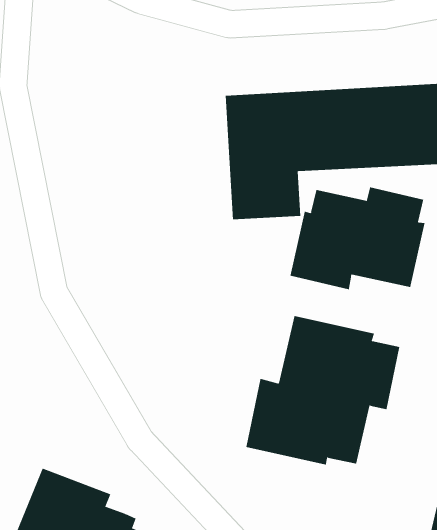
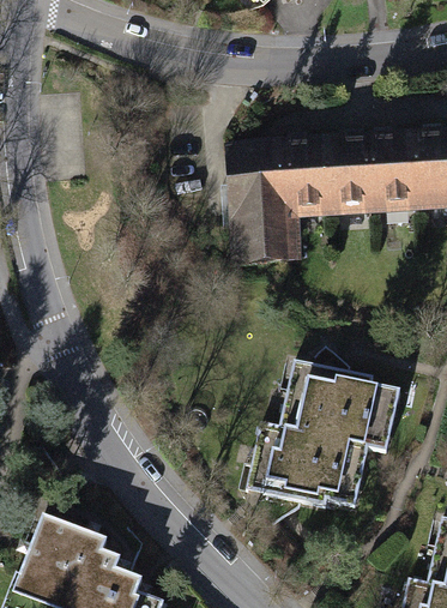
building: [290,187,425,290] -> none

